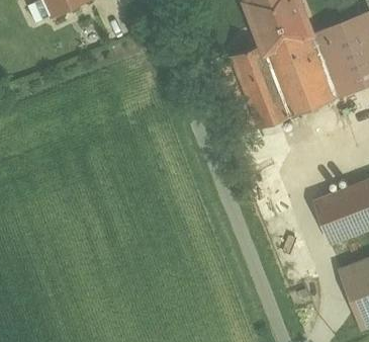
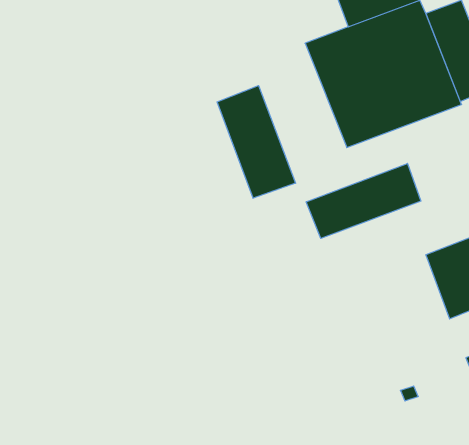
building: none -> [217,86,296,198]
building: none -> [306,163,421,238]

